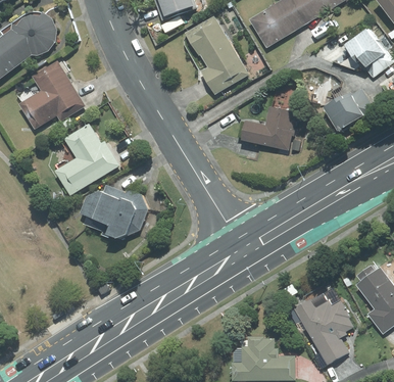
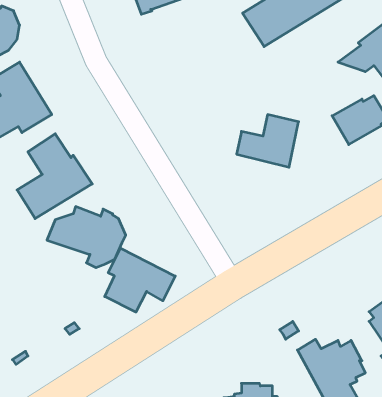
building: [185,16,247,94] -> none
building: none -> [105,248,175,312]

